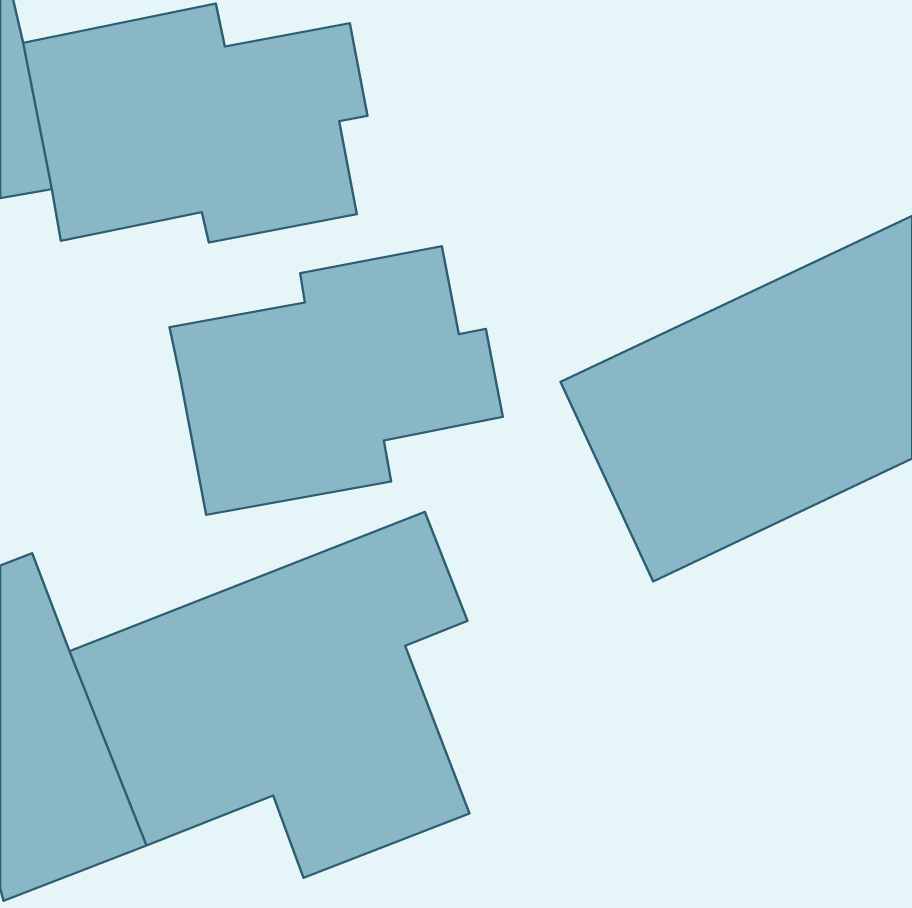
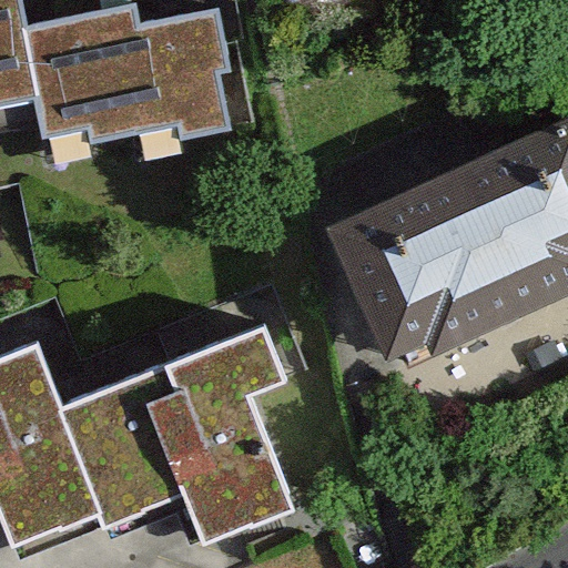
building: [170,246,503,515] -> none

